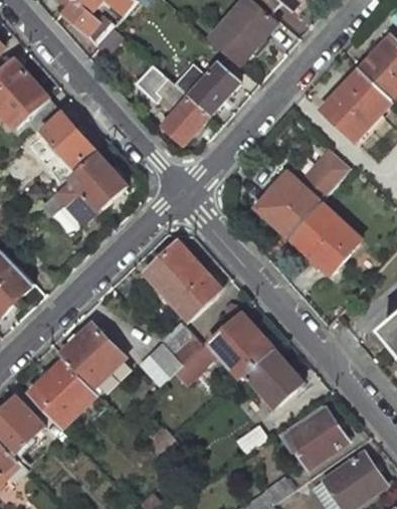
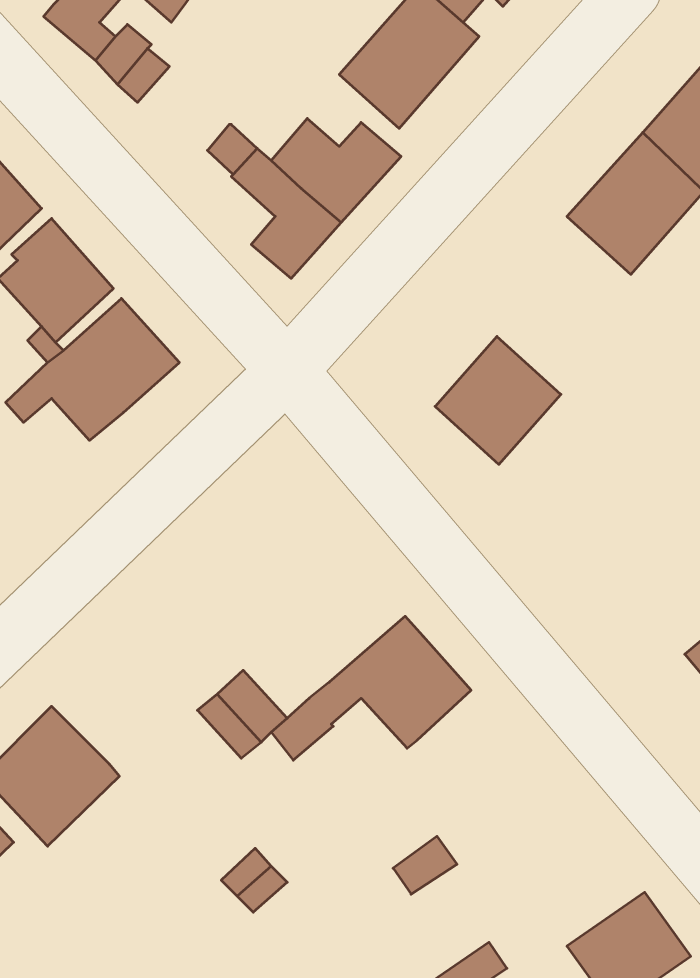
building: [310,148,350,189] -> none
building: [287,201,360,274] -> none
building: [147,243,215,318] -> none
building: [159,321,202,364] -> none
building: [59,323,124,387] -> none
building: [246,350,302,406] -> none
building: [284,407,346,468] -> none

